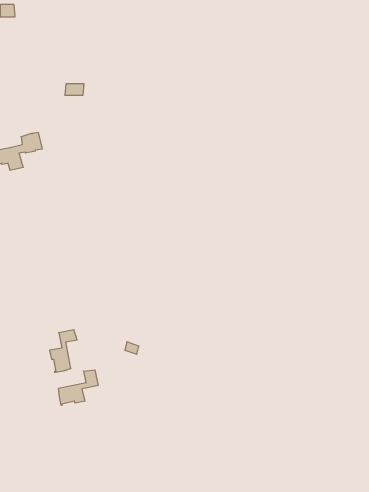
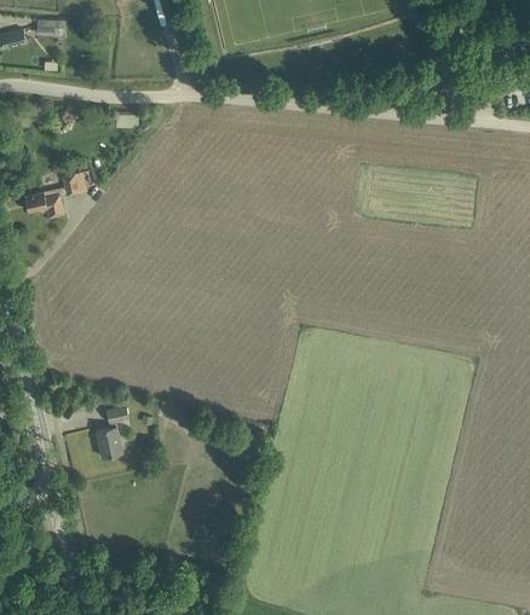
building: [59,370,98,405] -> none

